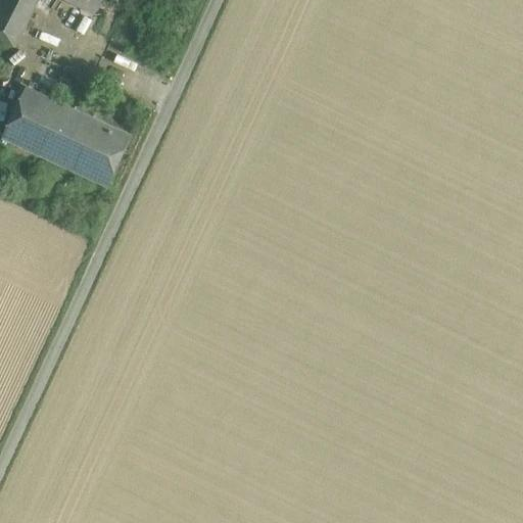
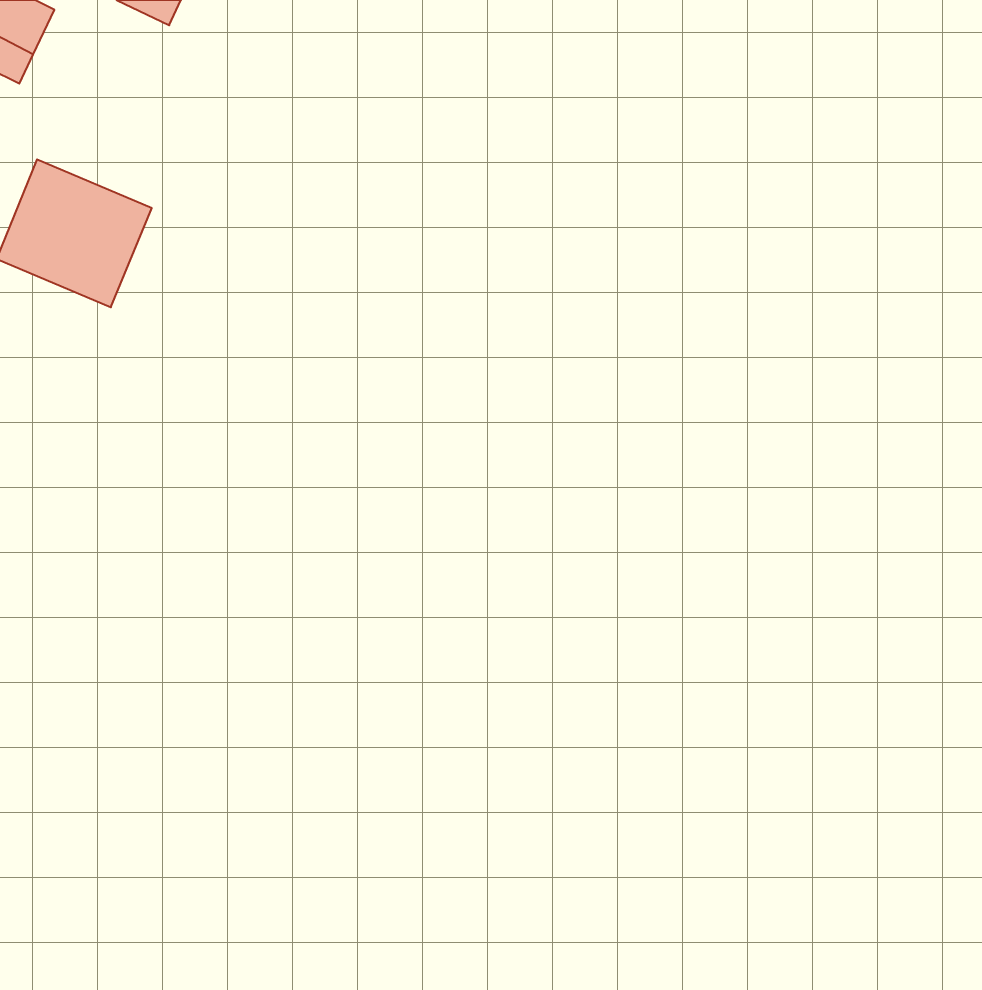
building: [58,111,126,182] -> none

